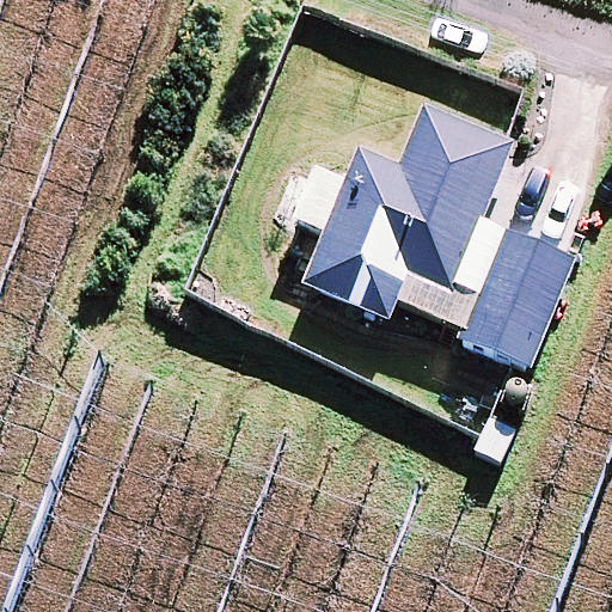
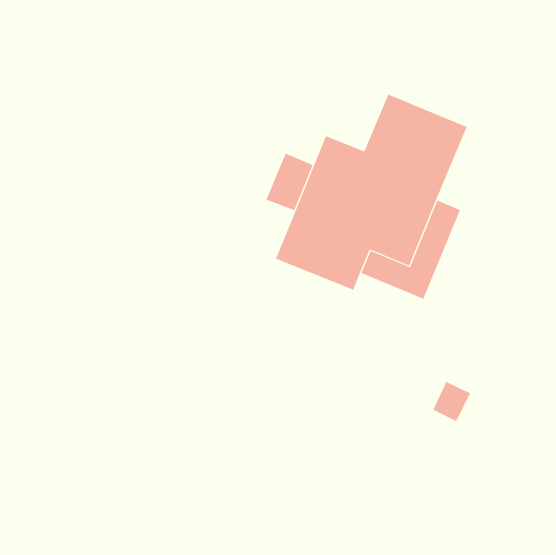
building: [460,230,576,368] -> none

